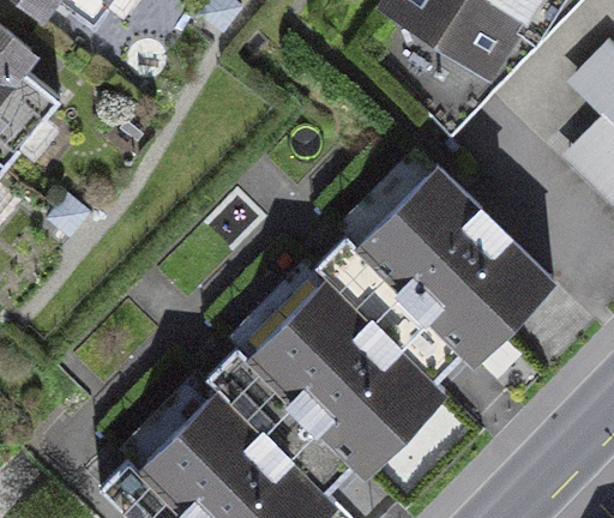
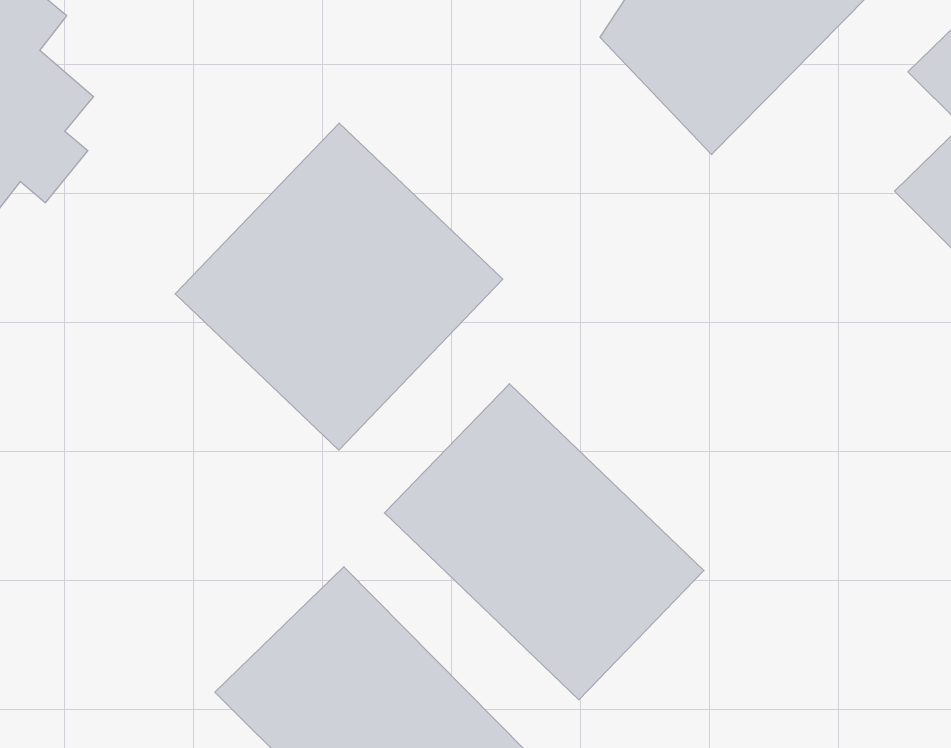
building: none -> [175,123,503,450]
building: [351,156,554,357] -> none

